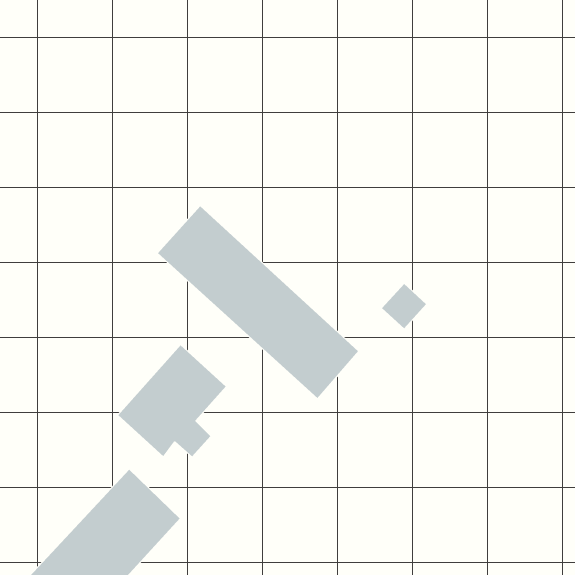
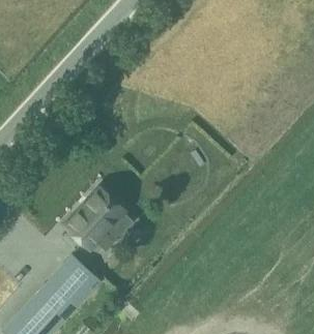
building: [157,206,359,399] -> none

